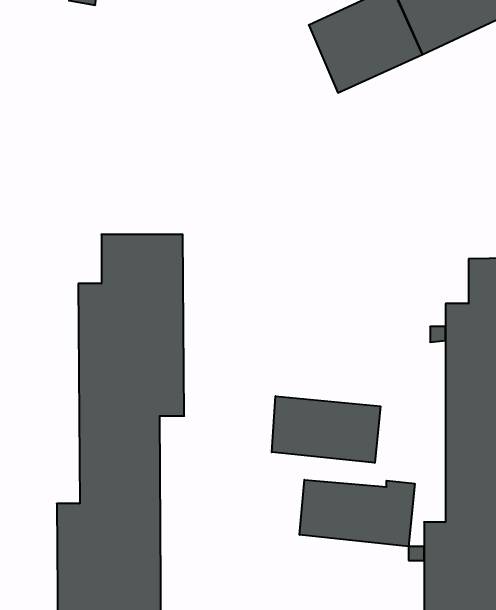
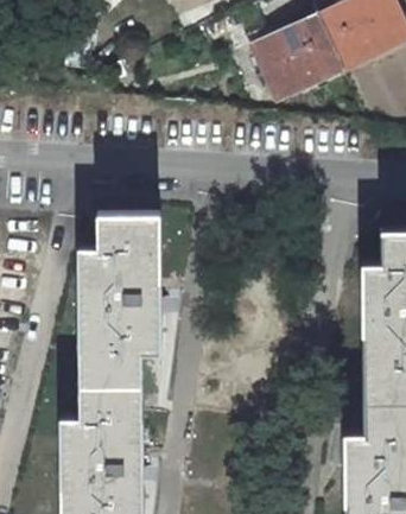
building: [272,396,380,463] -> none
building: [300,480,415,547] -> none

